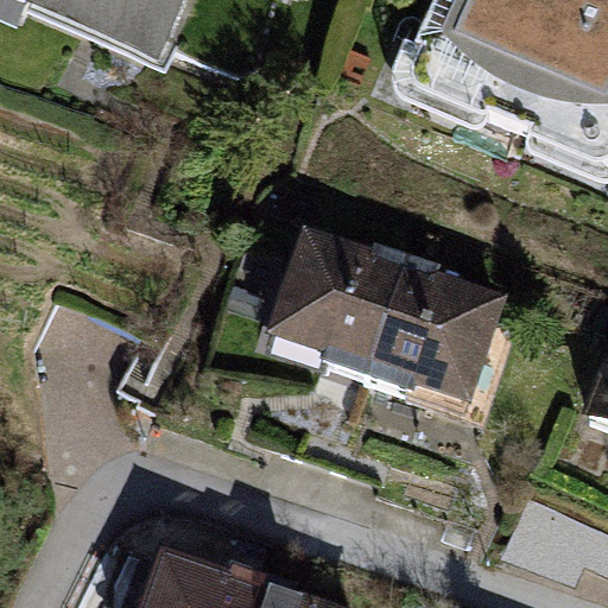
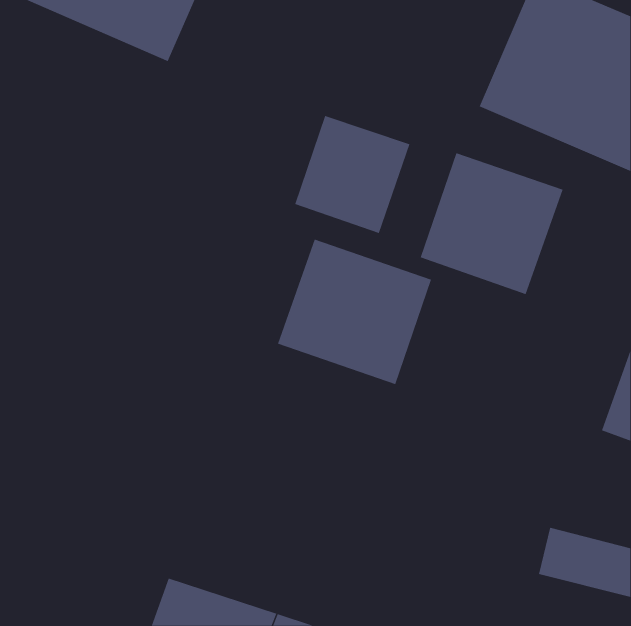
building: none -> [294,115,410,234]
building: [380,268,518,405] -> [420,152,563,295]

